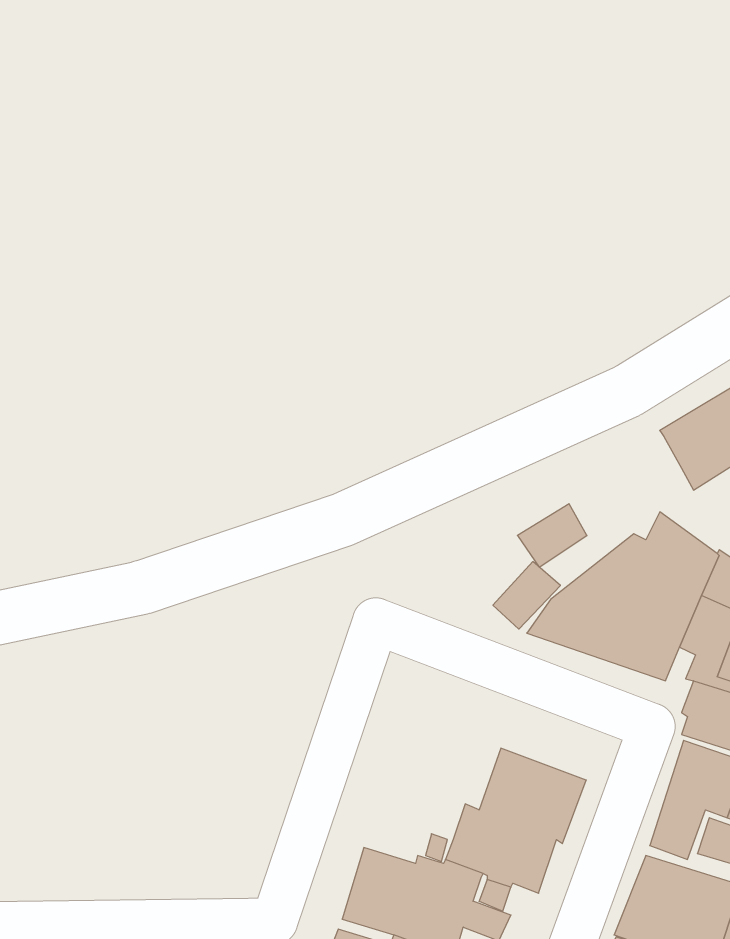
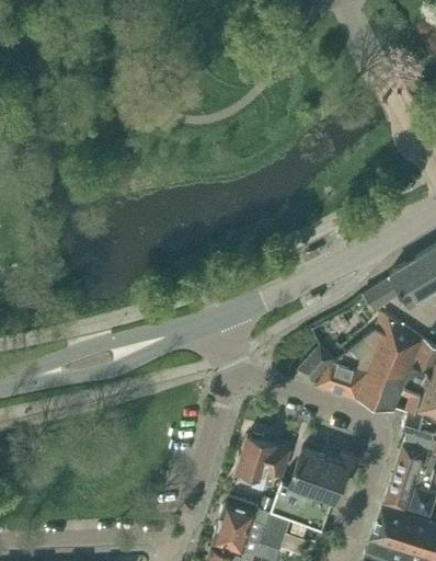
building: [517,504,587,567] -> [365,278,403,313]
building: none -> [238,434,291,489]

